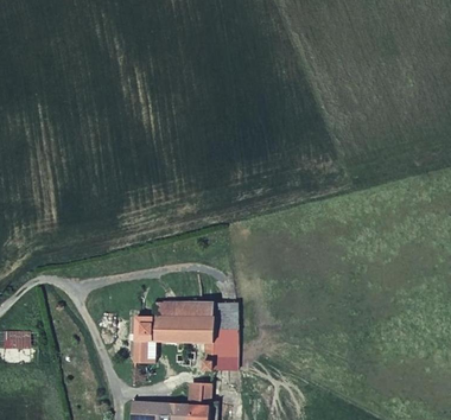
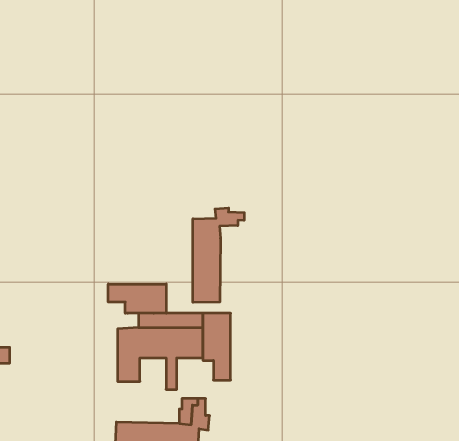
building: none -> [193,208,244,302]
building: none -> [108,284,166,313]

